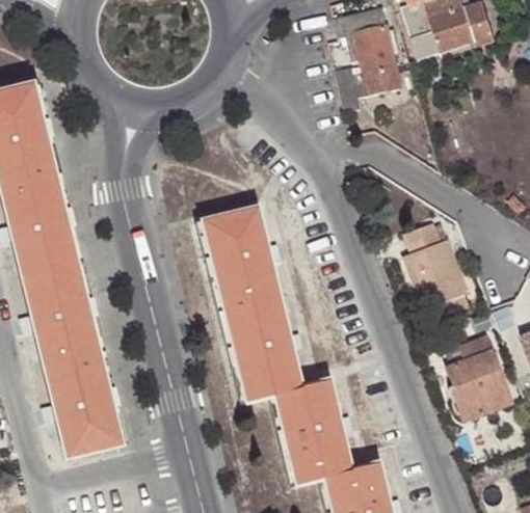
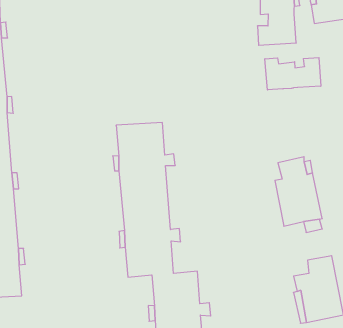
building: none -> [265,58,321,90]

